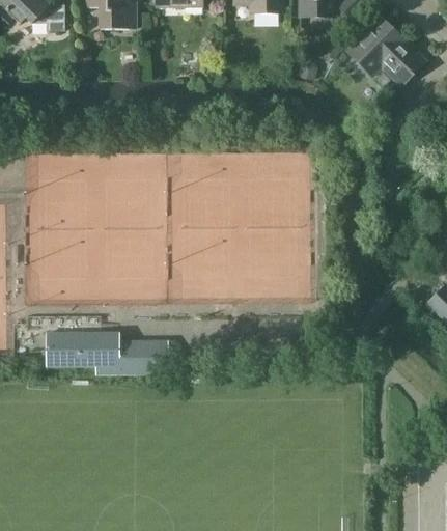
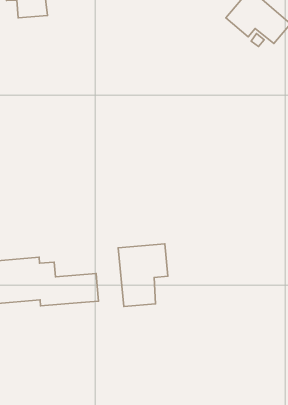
building: none -> [118,244,168,306]

